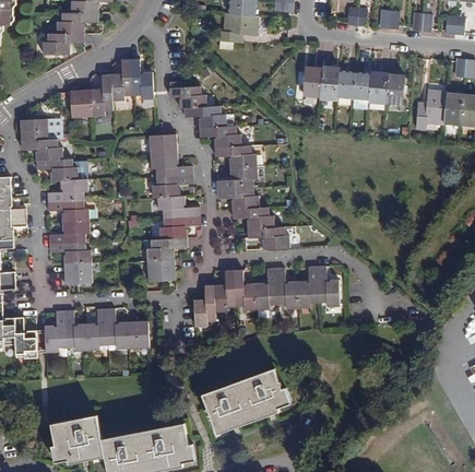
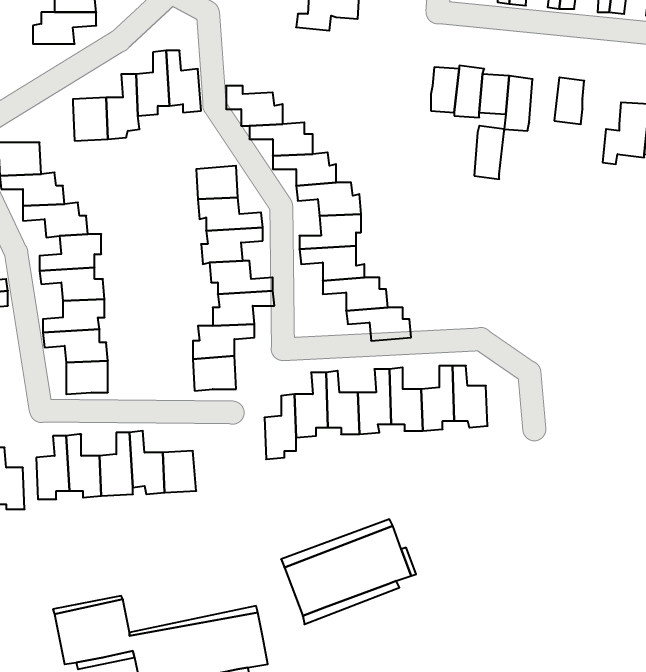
building: [367,72,387,107] -> [474,126,504,179]

